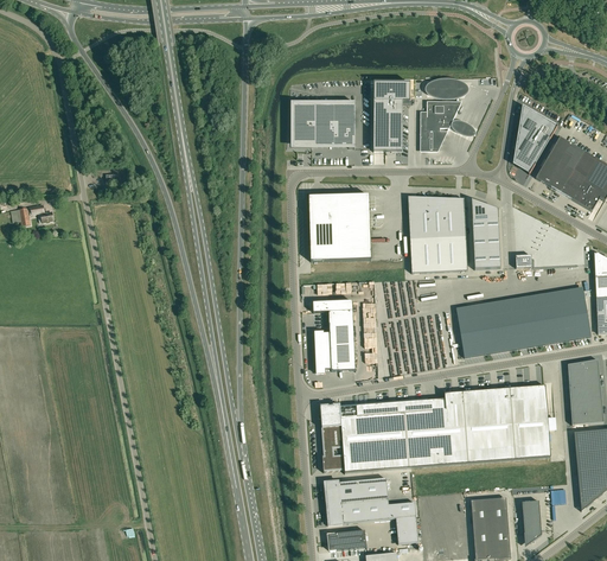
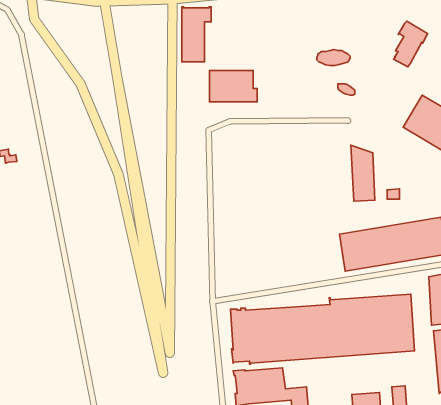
building: [373,81,410,149] -> [182,7,211,62]
building: [420,100,461,151] -> none
building: [513,110,556,167] -> [393,21,428,67]
building: [308,193,371,260] -> none
building: [408,195,467,272] -> none
building: [313,299,354,372] -> none

